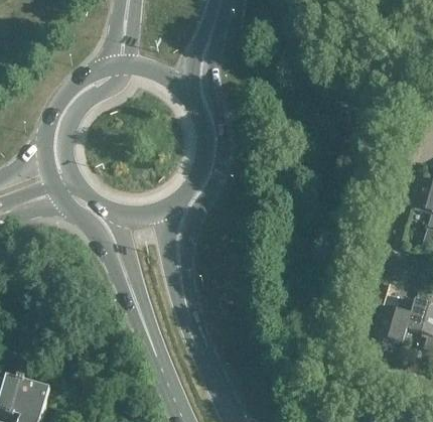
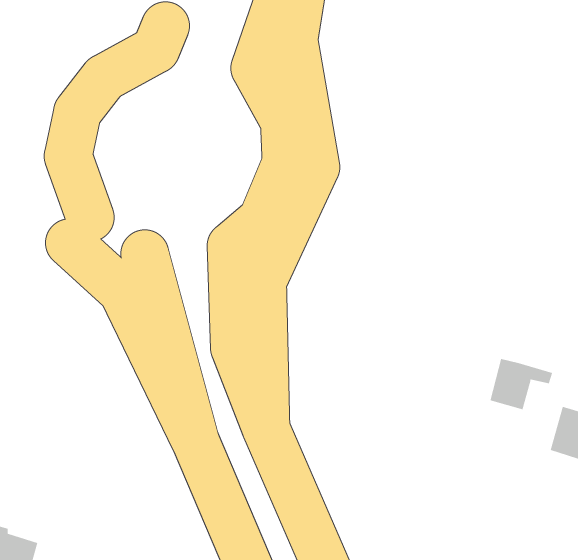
building: none -> [490,358,553,410]

